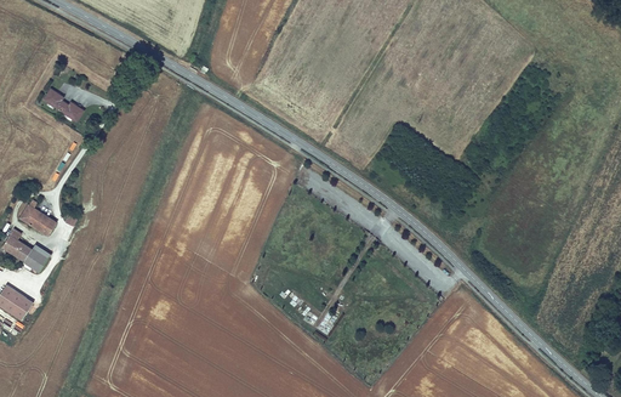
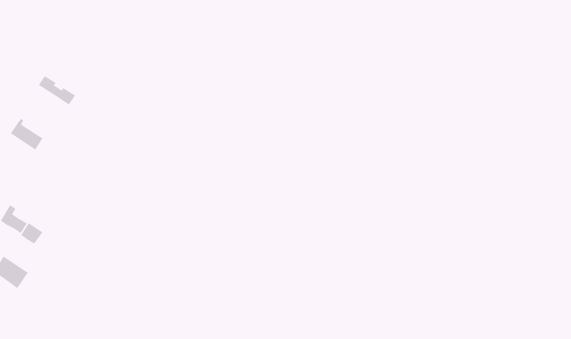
building: [19,200,56,236] -> [10,118,43,150]

